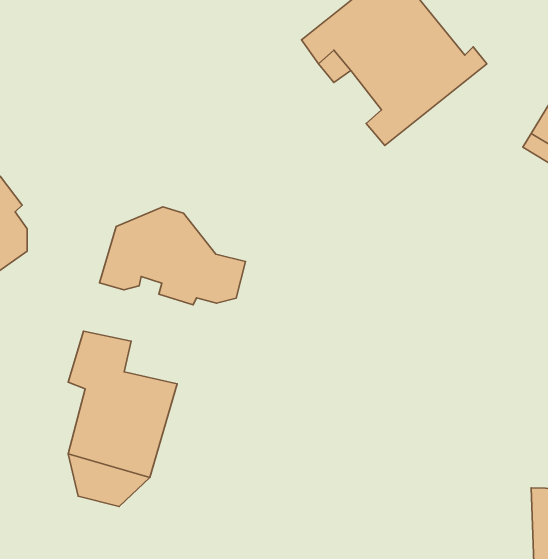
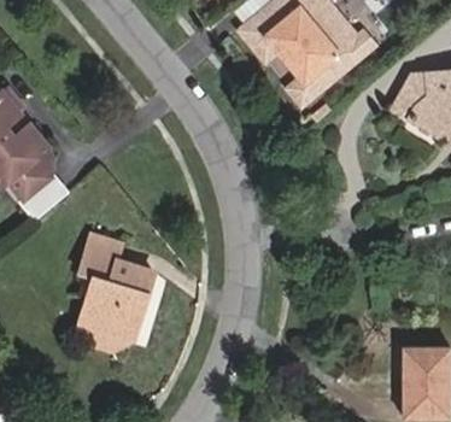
building: [100,207,245,305] -> none

